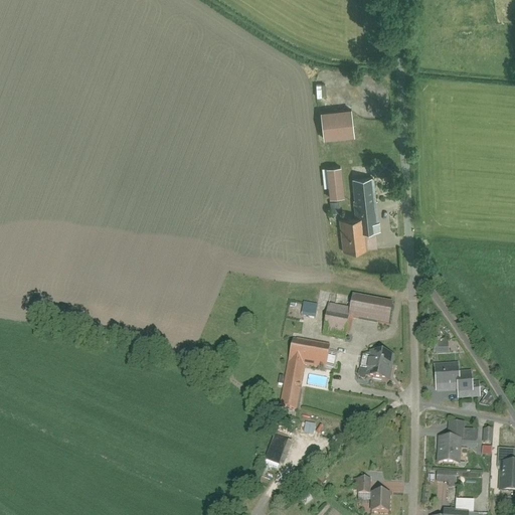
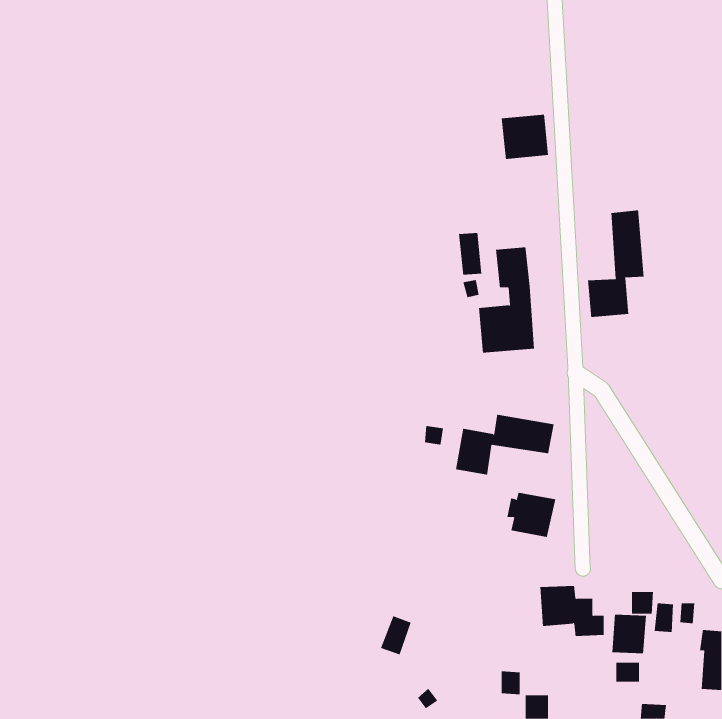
building: [320,106,354,138] -> [501,114,549,159]
building: none -> [588,209,644,318]
building: [278,337,330,411] -> none
building: [434,361,480,397] -> [539,585,605,637]

